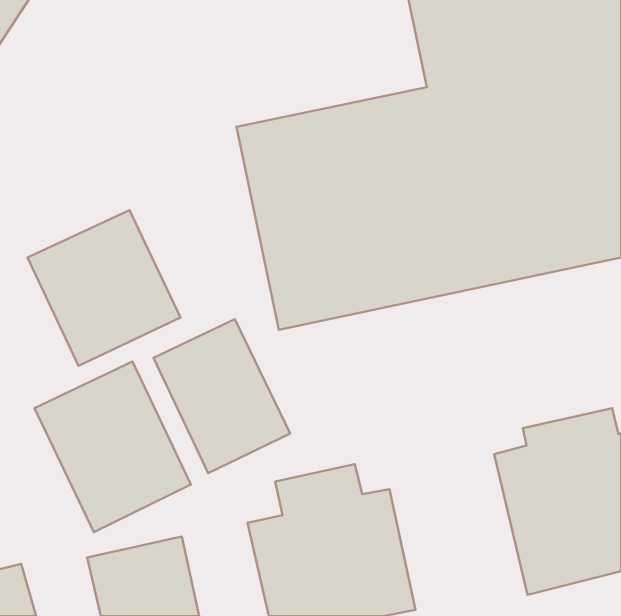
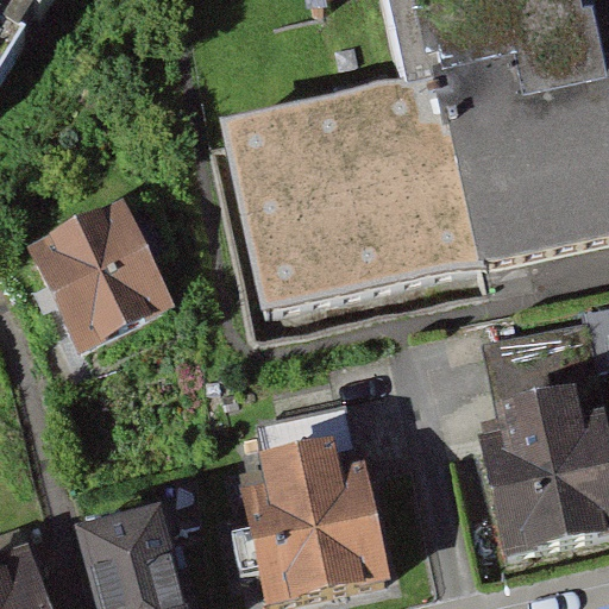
building: [153,319,290,473] -> none
building: [34,362,191,532] -> none

